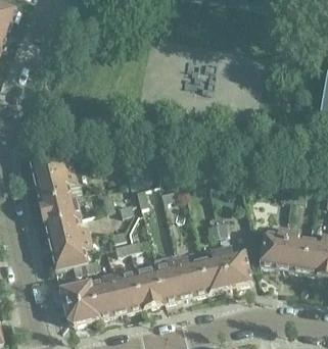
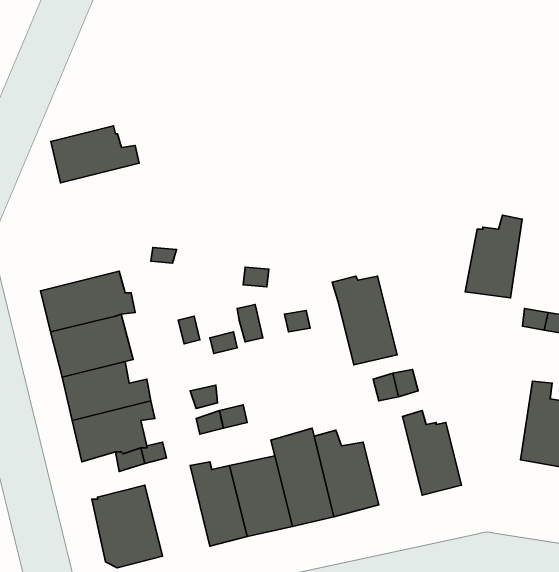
building: [29,151,75,181] -> [51,126,139,183]
building: [260,226,289,268] -> [465,215,522,298]
building: [198,246,232,292] -> [332,276,397,365]
building: [88,271,122,318] -> none

